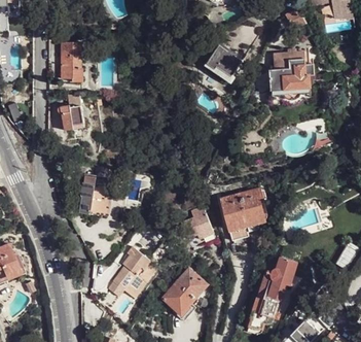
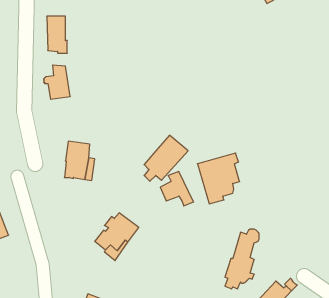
building: [207,45,242,76] -> none
building: [270,52,315,97] -> none
building: [163,267,209,315] -> [144,135,188,181]

